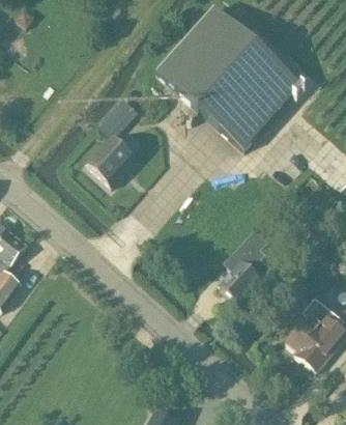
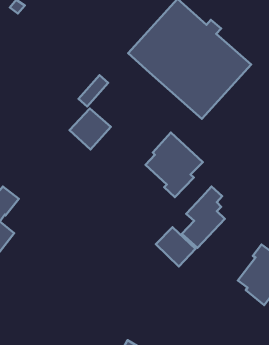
building: none -> [145,132,203,197]
building: none -> [156,227,196,266]

